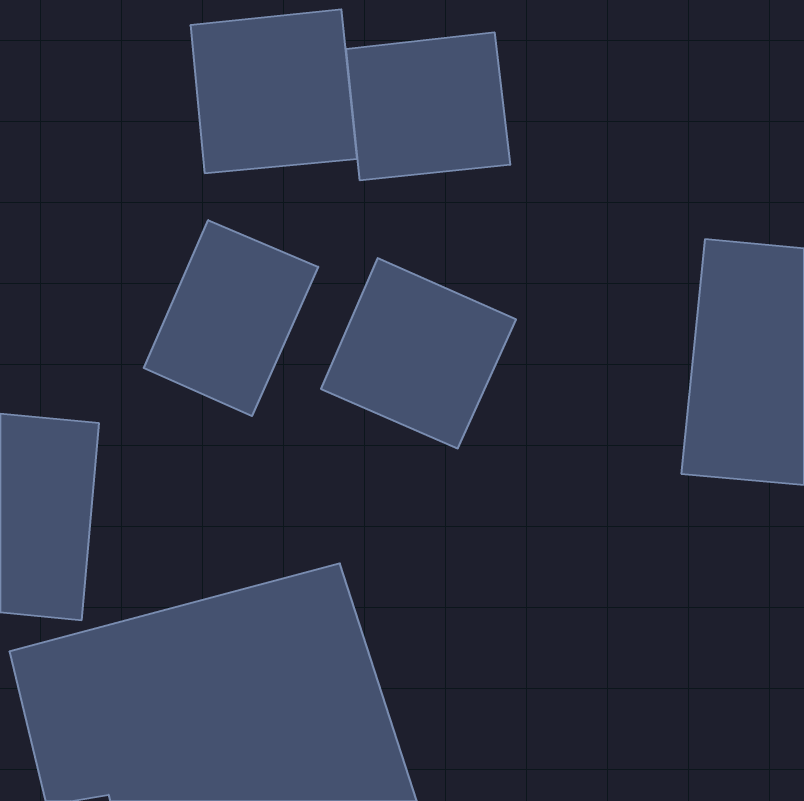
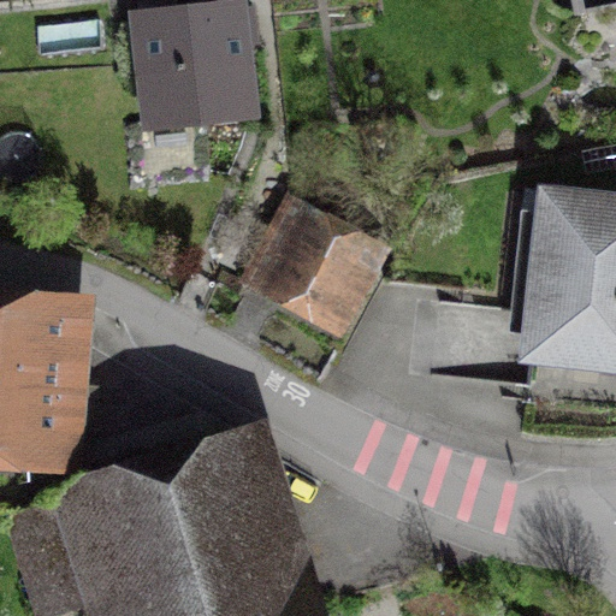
building: [346,32,510,180] -> none
building: [144,220,318,416] -> none

